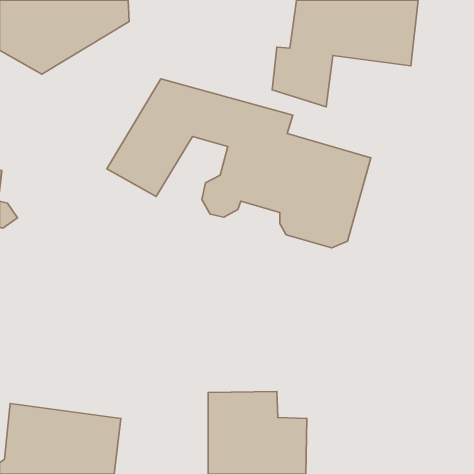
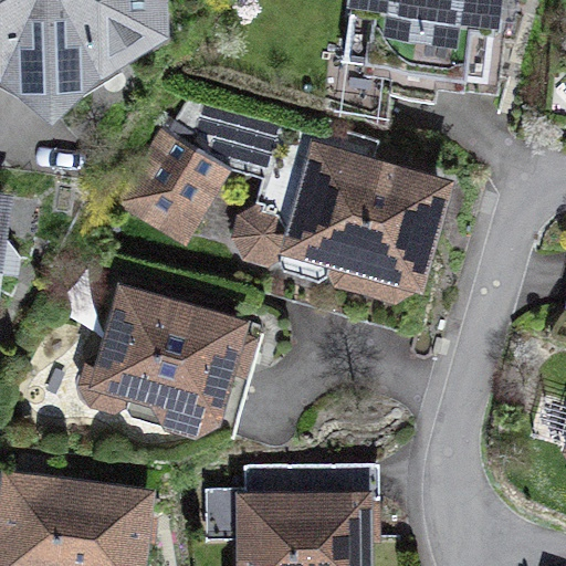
building: none -> [88,294,237,428]

